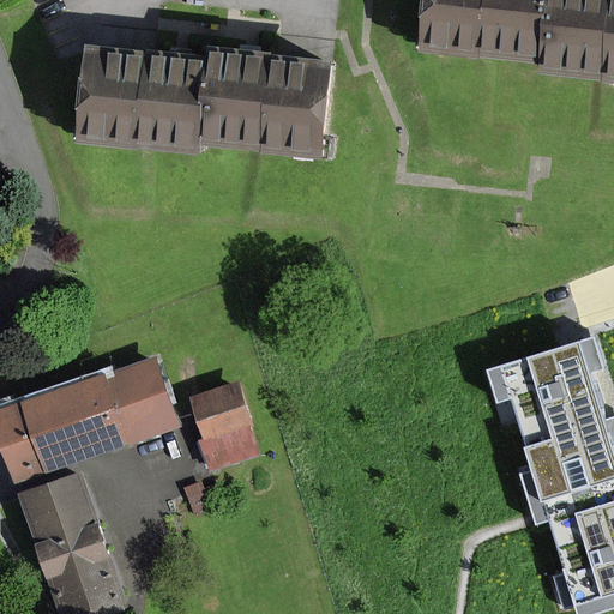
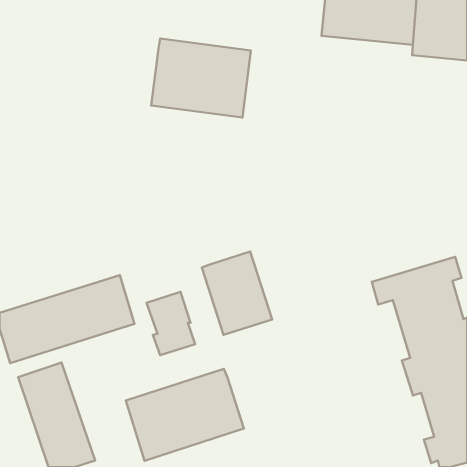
building: [72,48,207,152] -> none
building: none -> [202,252,272,335]
building: none -> [126,369,244,461]

